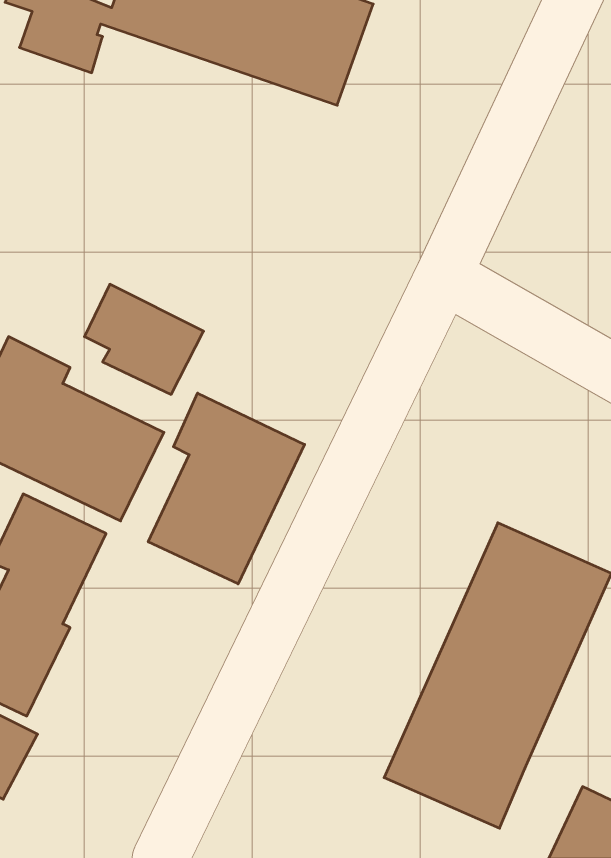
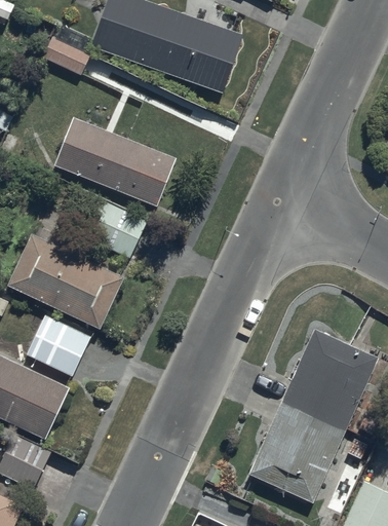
building: none -> [54,114,177,209]
building: [148,393,305,584] -> none

